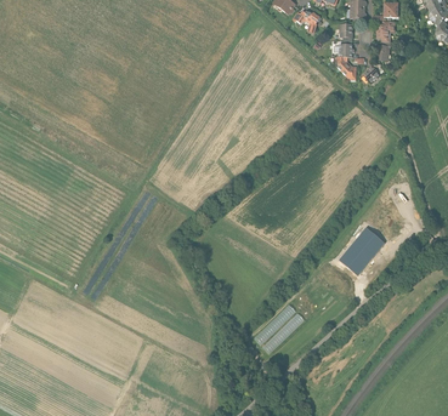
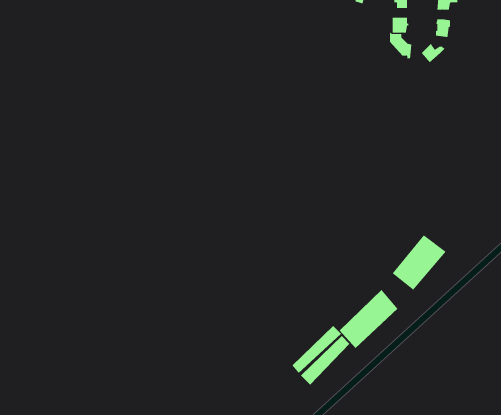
building: none -> [339,289,398,349]

